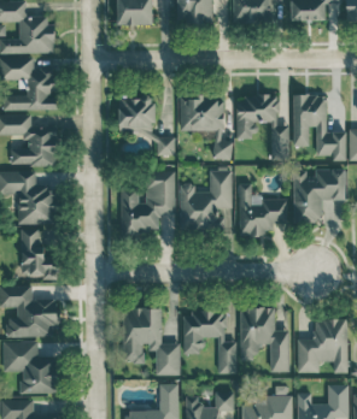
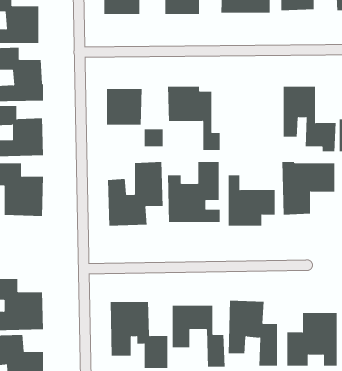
building: [236,95,289,160] -> none
building: [21,228,59,278] -> none

